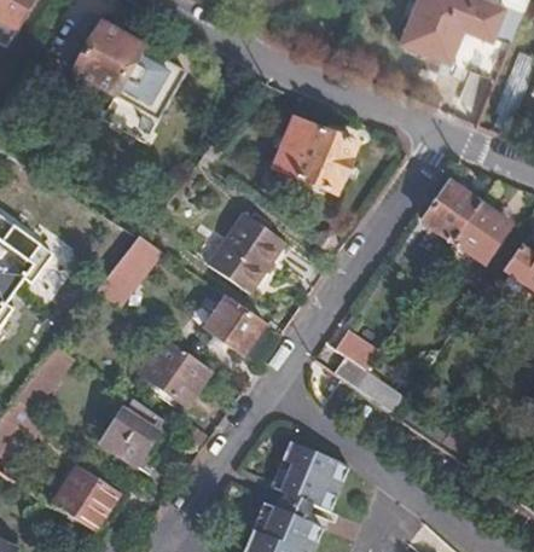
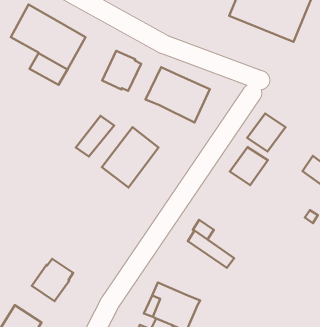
building: none -> [102,51,141,91]
building: [453,204,510,261] -> [230,147,268,185]
building: [104,236,161,296] -> [76,116,114,156]
building: [205,296,266,354] -> none
building: [140,338,211,406] -> none

